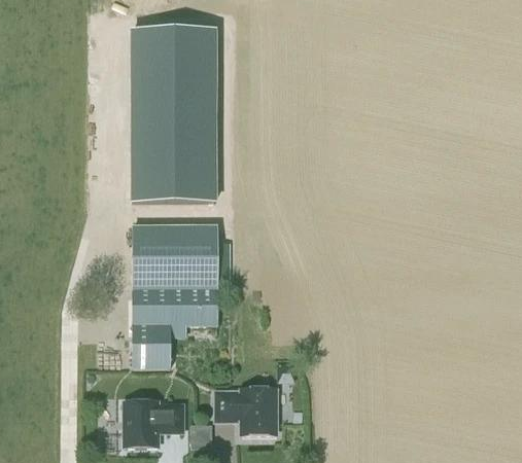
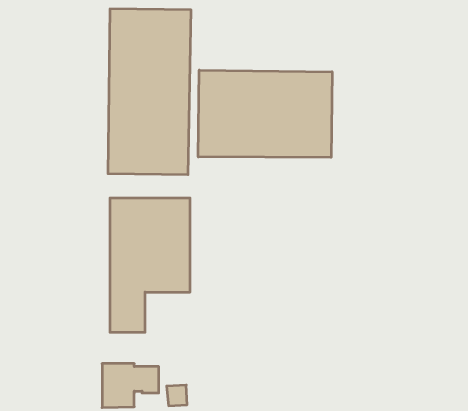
building: none -> [198,70,332,157]
building: [216,387,276,433] -> none

